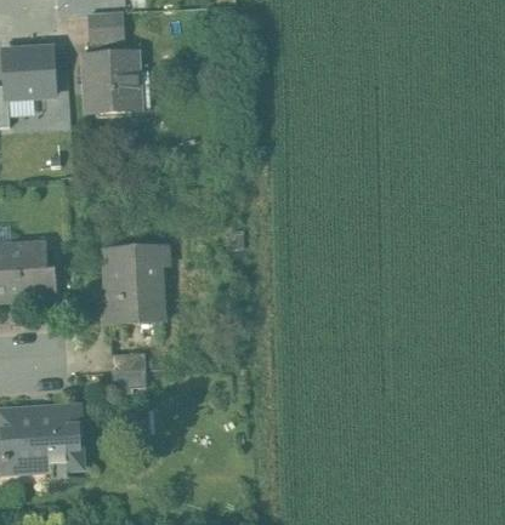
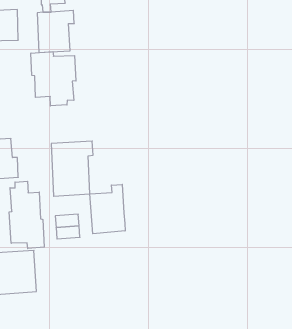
building: none -> [31,52,76,106]
building: none -> [9,181,44,249]
building: none -> [90,184,125,234]

